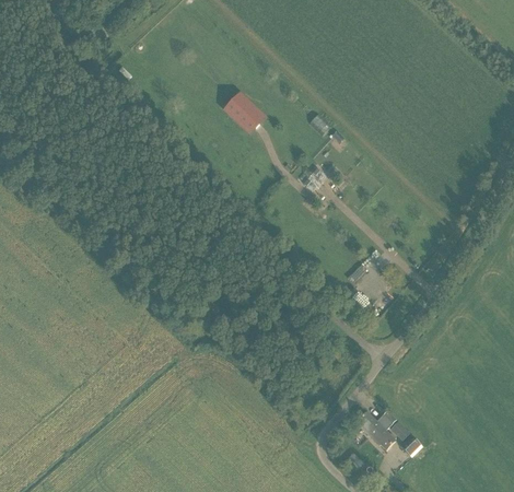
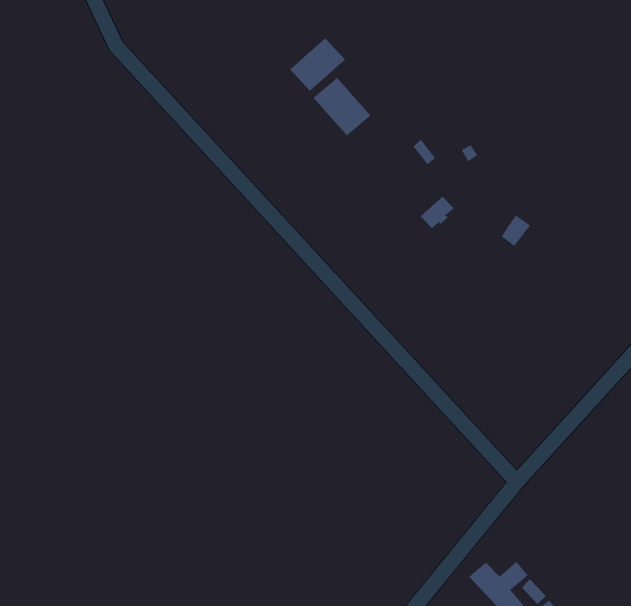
building: none -> [289,37,346,91]

